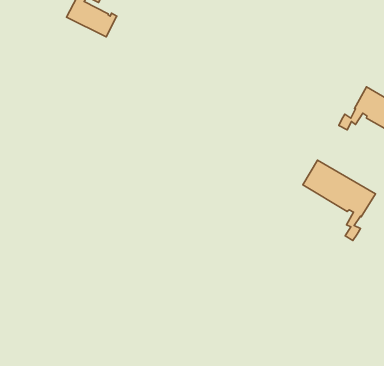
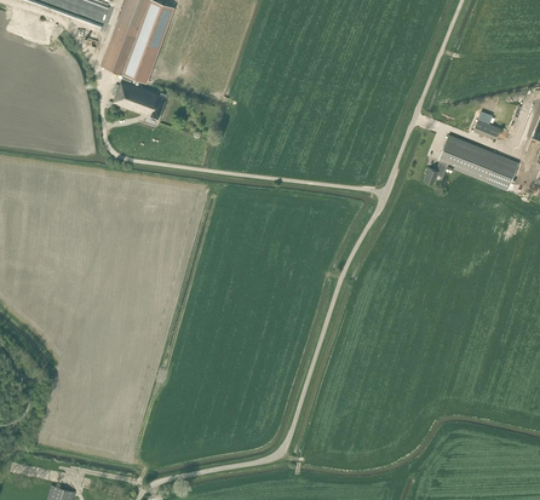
building: [303,160,375,241] -> none

